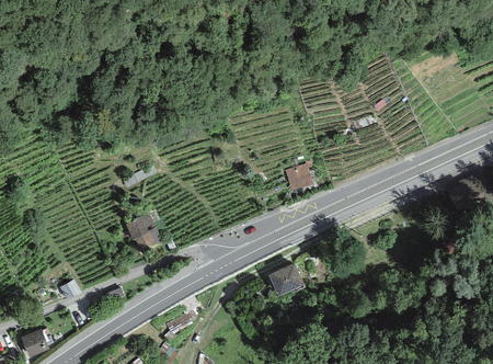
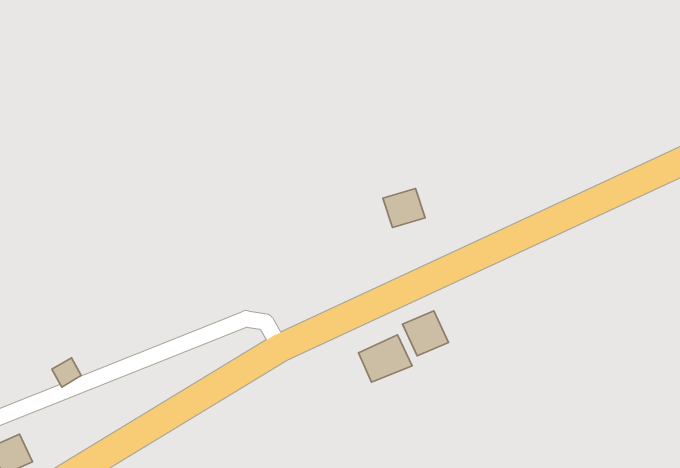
building: [125,213,161,251] -> none
building: none -> [403,311,448,356]

